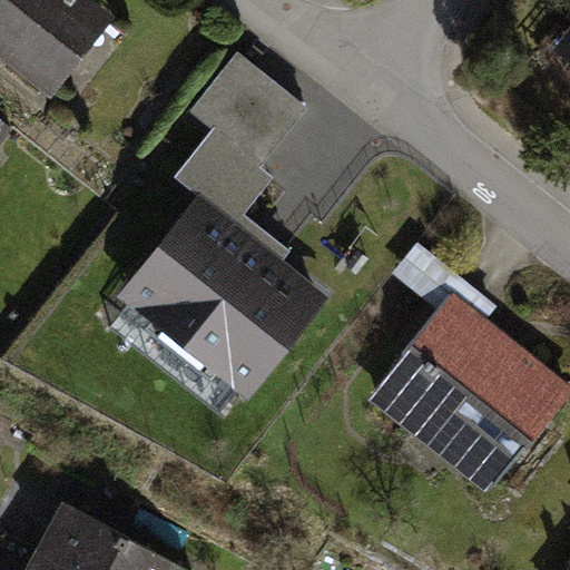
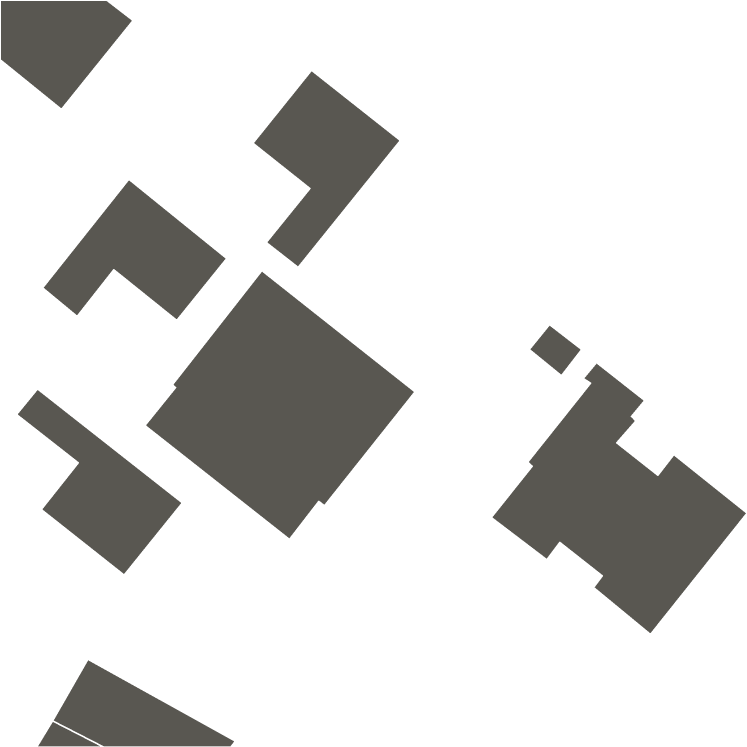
building: none -> [42,179,227,321]
building: none -> [16,389,183,575]

